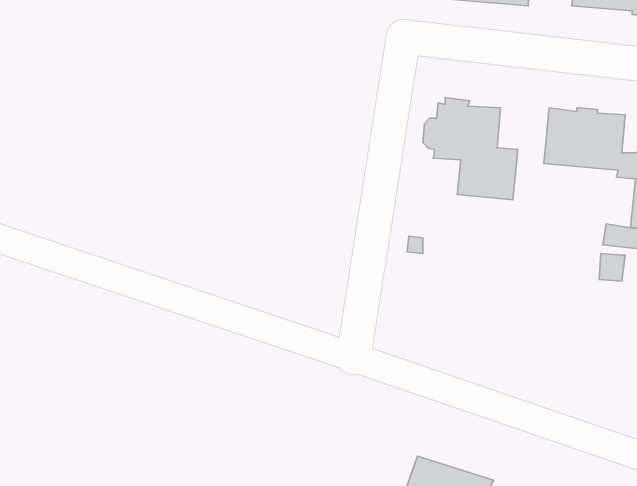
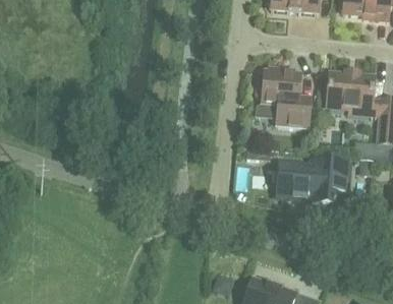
building: none -> [276,161,348,205]

